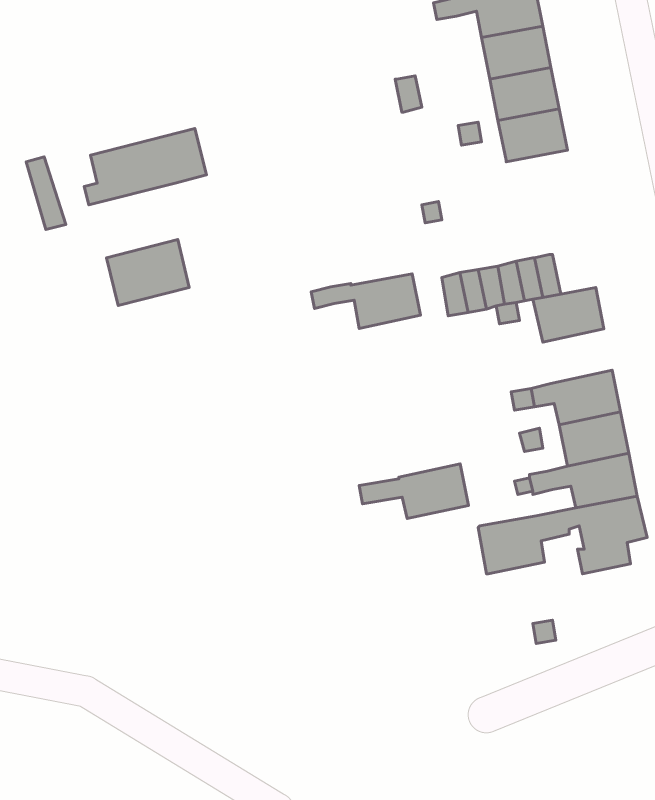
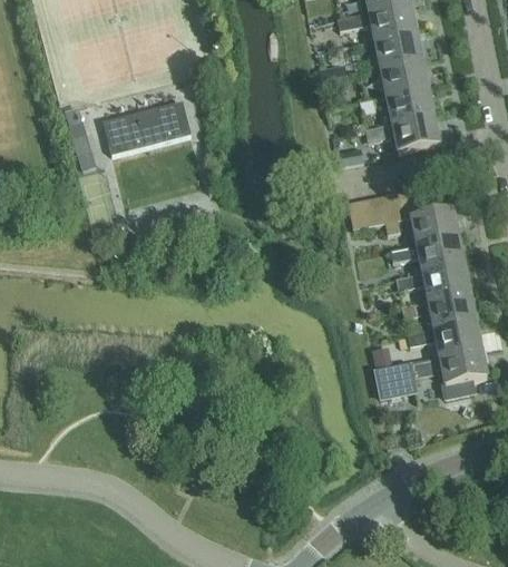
building: [106,240,189,306] -> none
building: [311,274,420,328] -> [365,116,439,153]
building: [359,464,469,519] -> [390,236,463,273]

